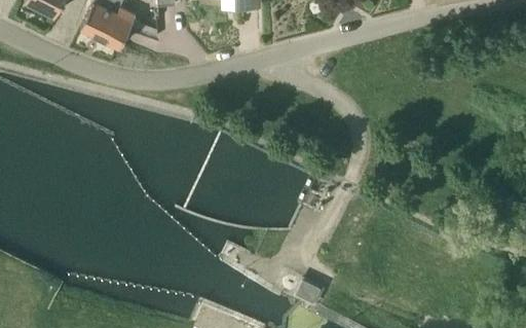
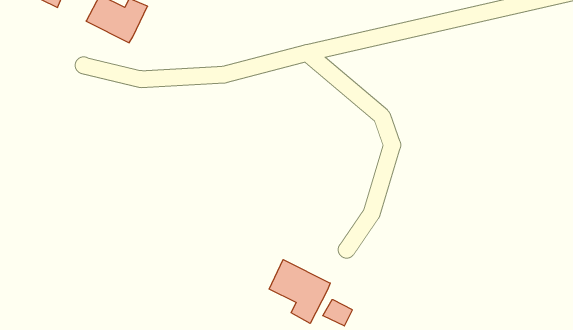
building: none -> [269,260,330,323]

